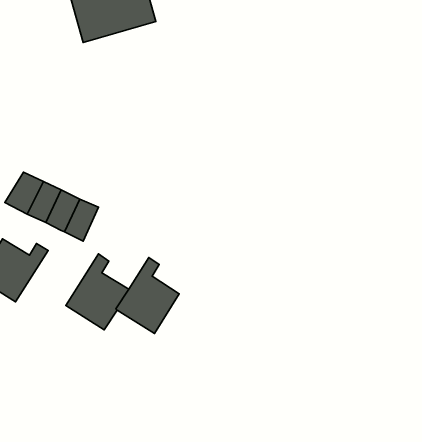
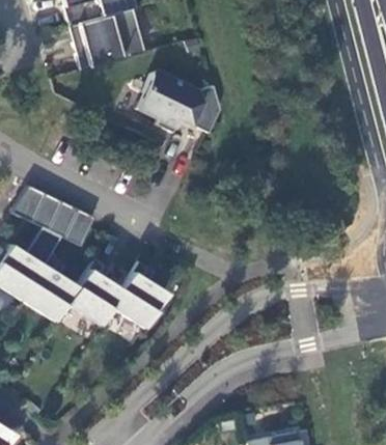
building: none -> [136,72,222,134]
building: none -> [22,255,78,322]

